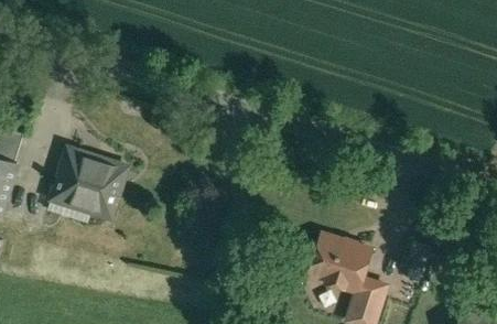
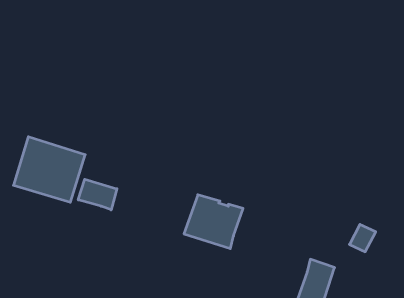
building: none -> [78,179,117,210]
building: [309,235,370,291] -> [184,195,243,249]

